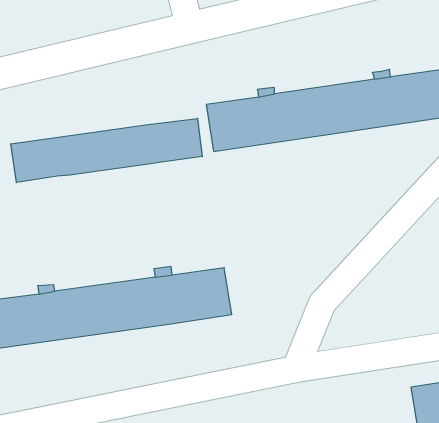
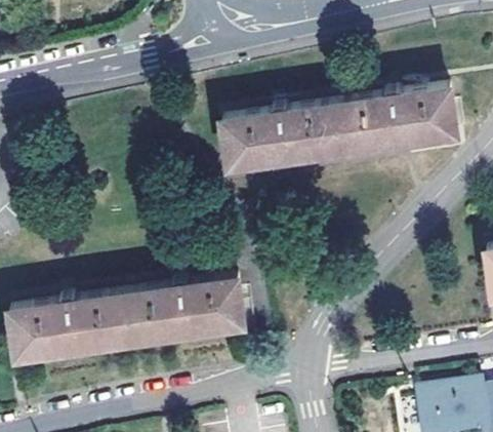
building: [11,118,202,183] -> none

